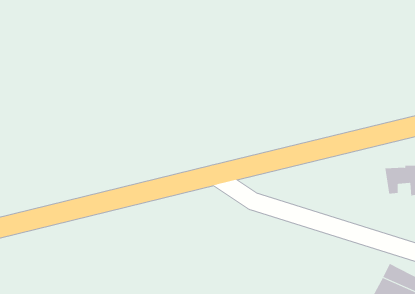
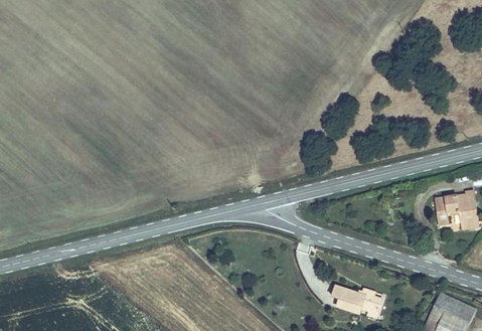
building: none -> [331,286,380,312]

